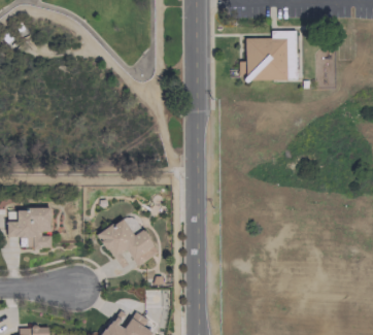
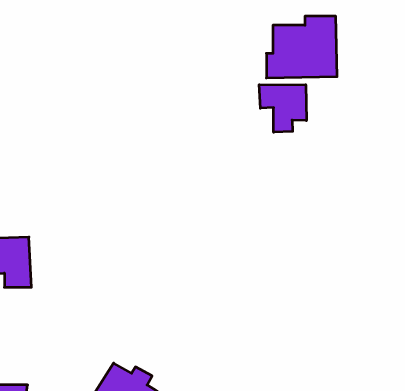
building: none -> [259,85,306,132]
building: [99,213,159,269] -> none

